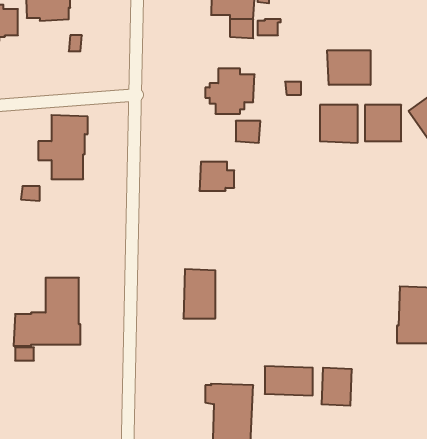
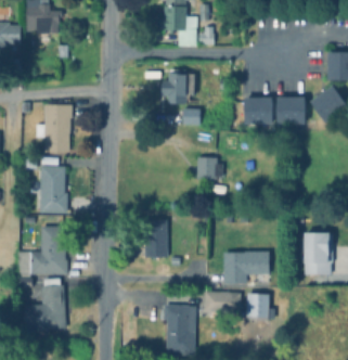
building: [327,50,370,85] -> none
building: [199,162,234,191] -> [196,157,222,179]
building: none -> [38,155,67,214]
building: none -> [222,250,269,282]
building: none -> [23,279,65,332]

